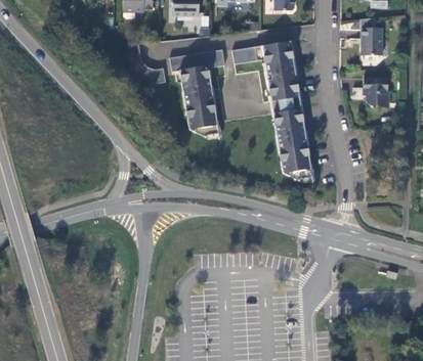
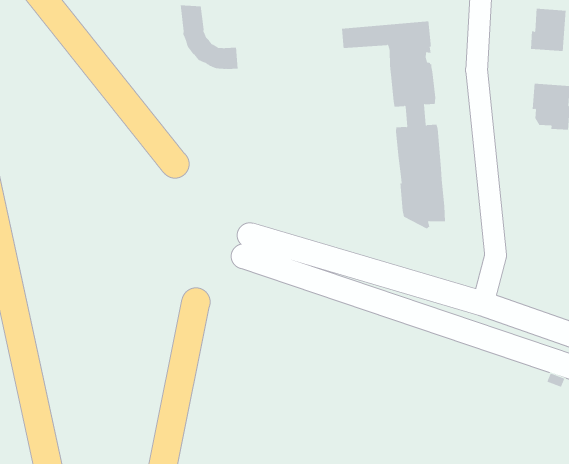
building: [170,48,225,136] -> none

